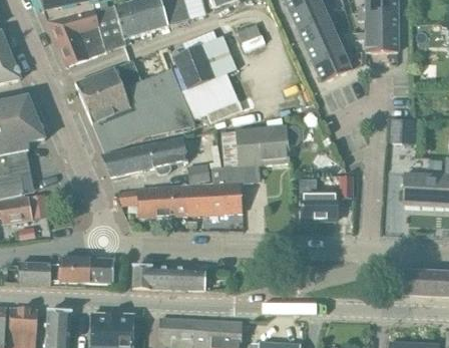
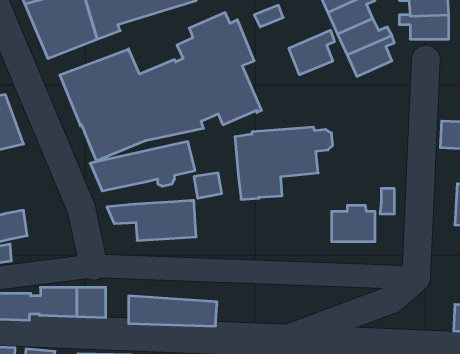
building: none -> [289,30,334,75]
building: [187,166,243,216] -> none

